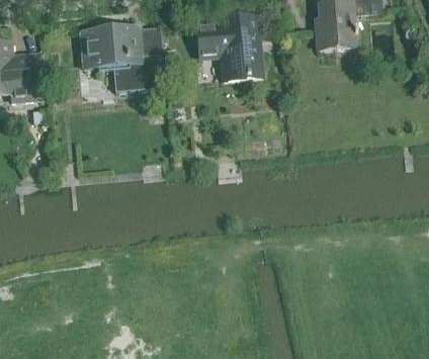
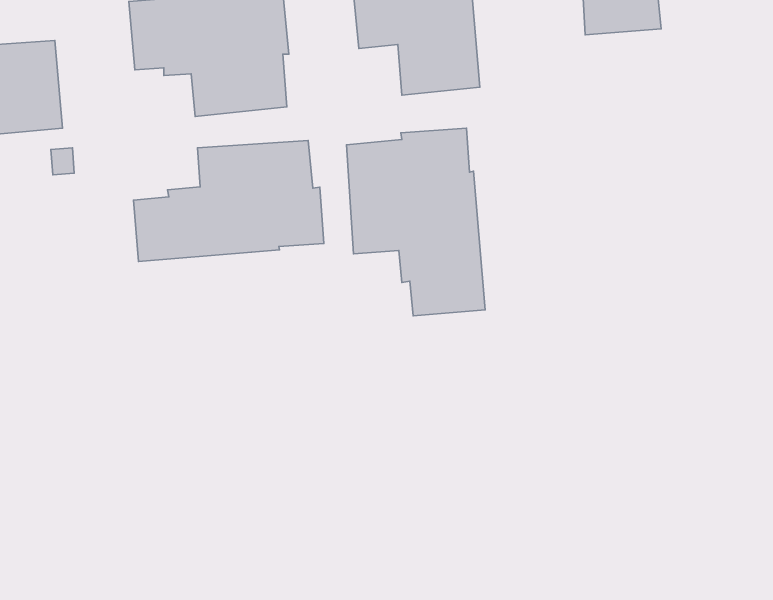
building: none -> [346,128,485,316]
building: none -> [134,141,324,262]

